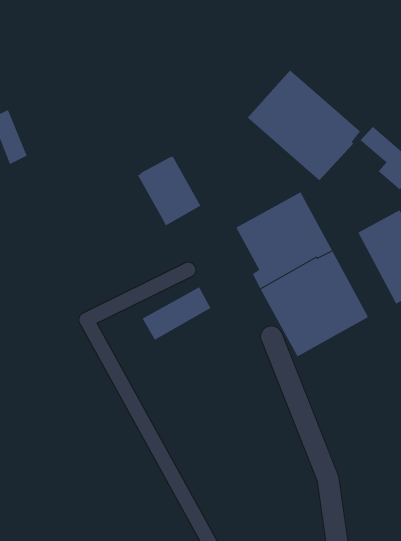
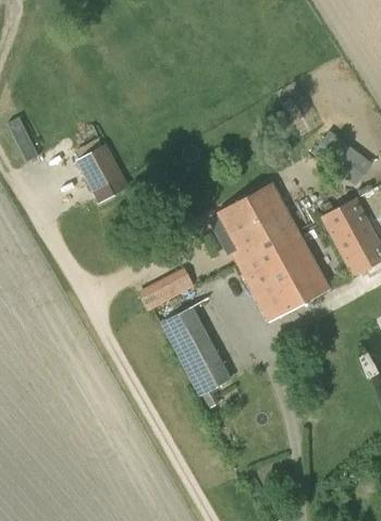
building: [247,69,361,181] -> none
building: [137,156,201,226] -> [75,144,130,204]
building: none -> [160,306,231,397]

